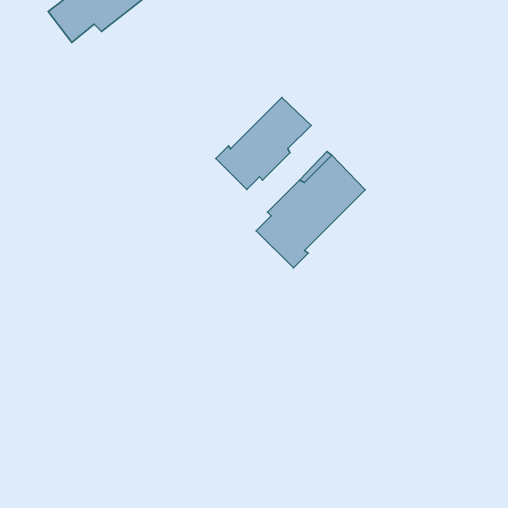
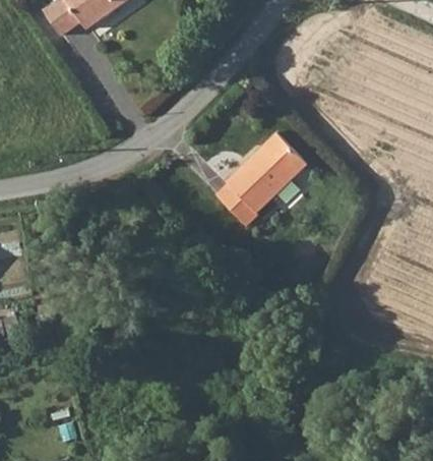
building: [216,97,311,190] -> none

